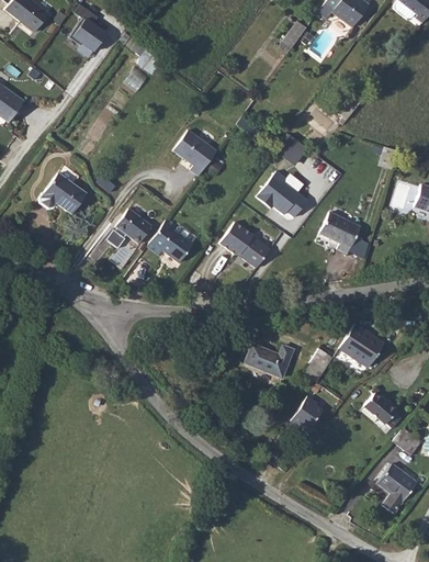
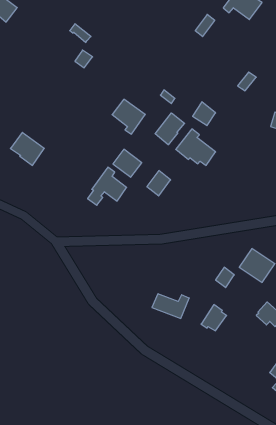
building: [74,16,109,53] -> none
building: none -> [155,113,185,145]
building: [115,209,153,245] -> [113,149,142,177]
building: [320,213,361,254] -> none
building: [235,235,270,269] -> none
building: [245,345,293,376] -> [152,294,189,318]

